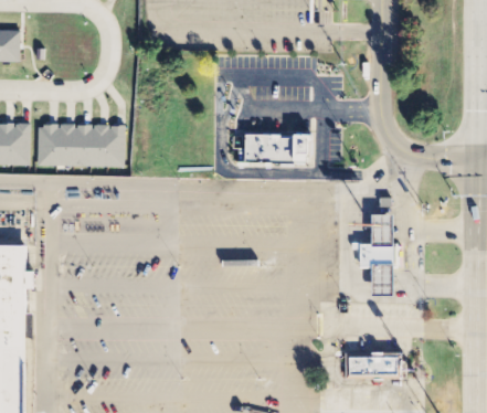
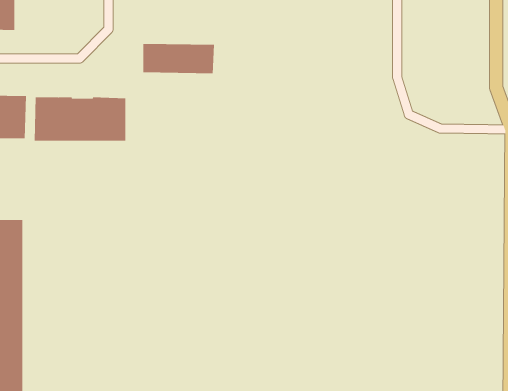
building: [242,135,310,163] -> [142,43,215,74]
building: [358,220,395,293] -> none
building: [345,350,399,375] -> none

